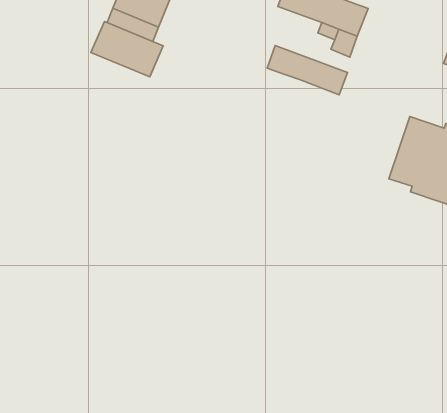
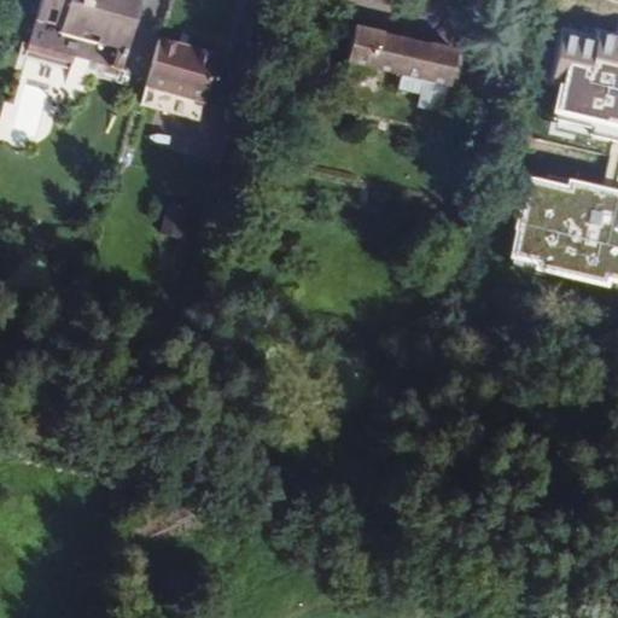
building: [91,21,163,77] -> none
building: [267,46,348,95] -> none

